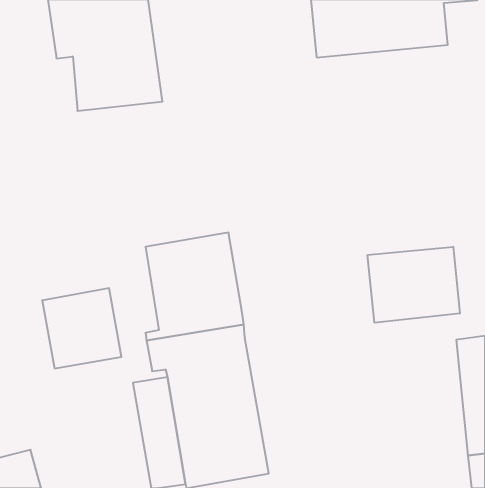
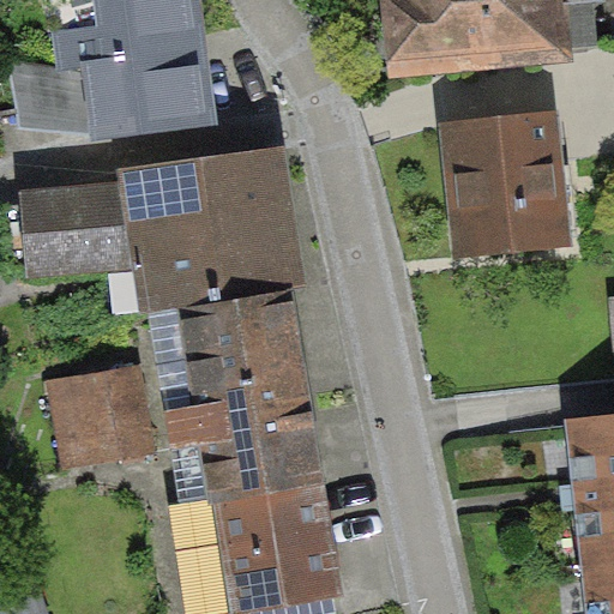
building: none -> [6,59,97,139]
building: none -> [444,115,565,258]
building: none -> [24,158,297,315]
building: [368,247,460,323] -> none

